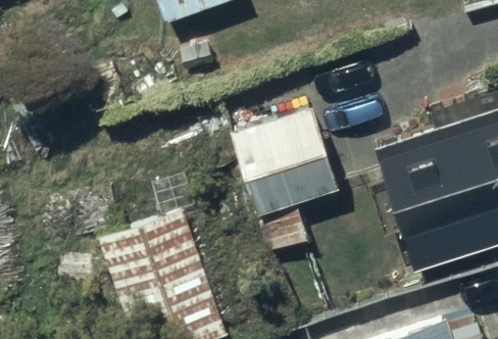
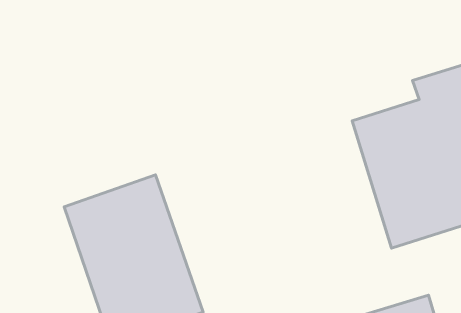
building: [230,107,341,256] -> none

